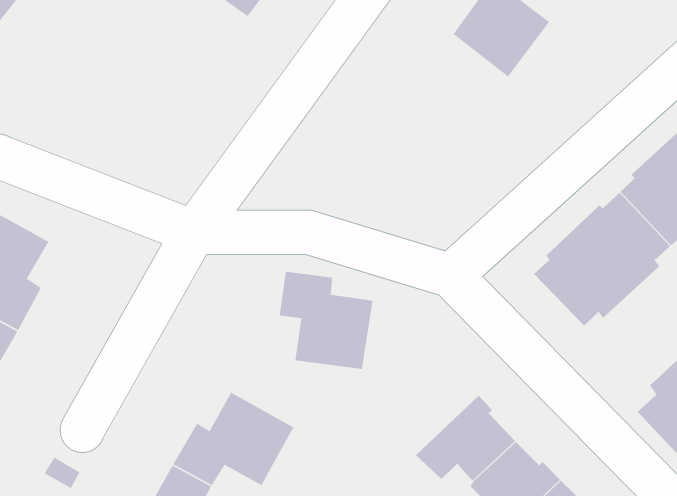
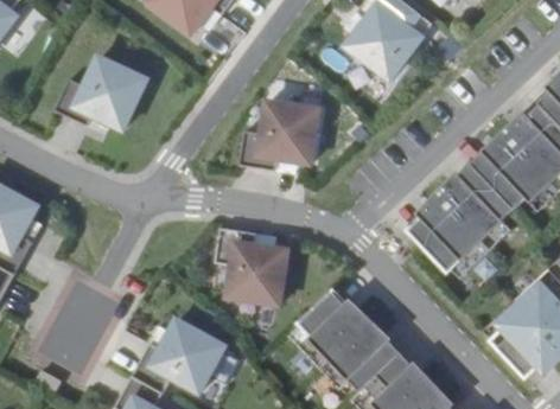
building: none -> [53,56,146,127]
building: none -> [240,101,319,170]
building: none -> [298,292,368,368]

